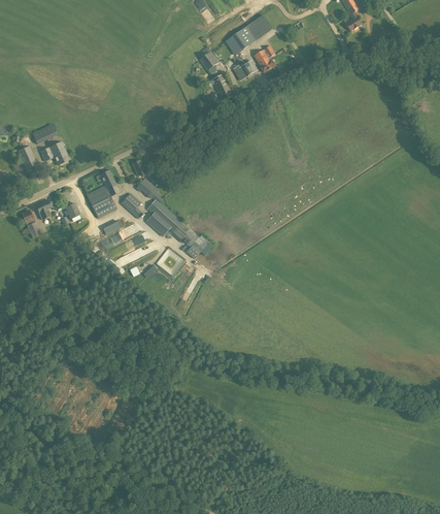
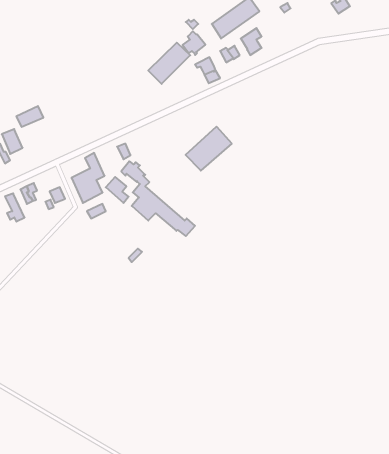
building: none -> [148,43,190,84]
building: [39,141,69,165] -> none
building: none -> [186,127,232,171]

